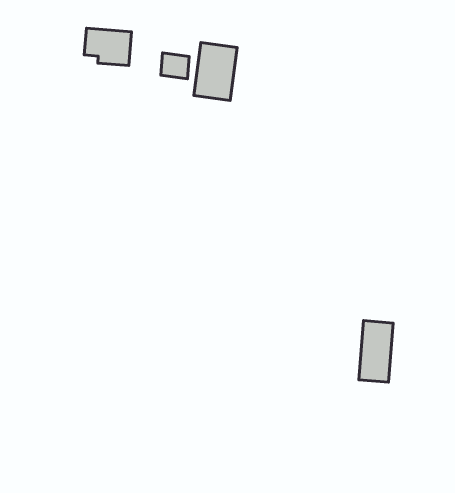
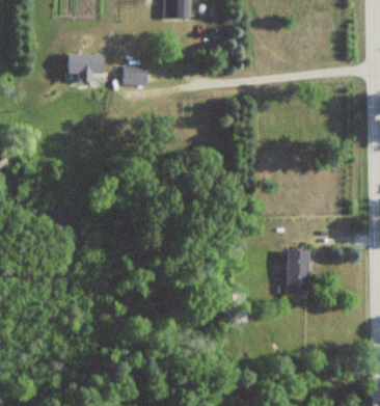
building: [194,43,237,101] -> none

